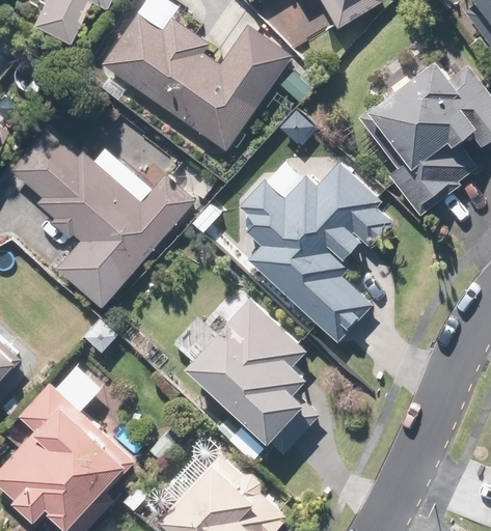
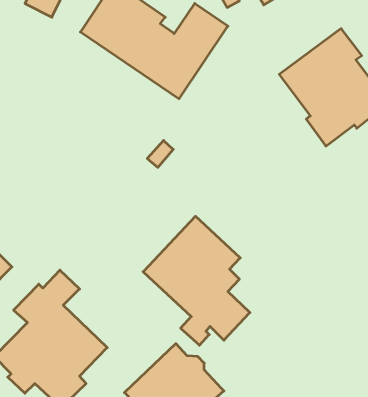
building: [12,132,197,306] -> none
building: [239,161,397,342] -> none

